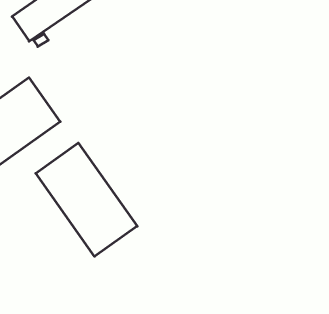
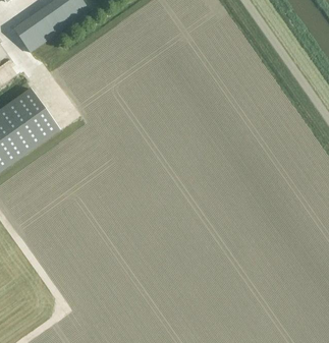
building: [36,143,137,256] -> none

